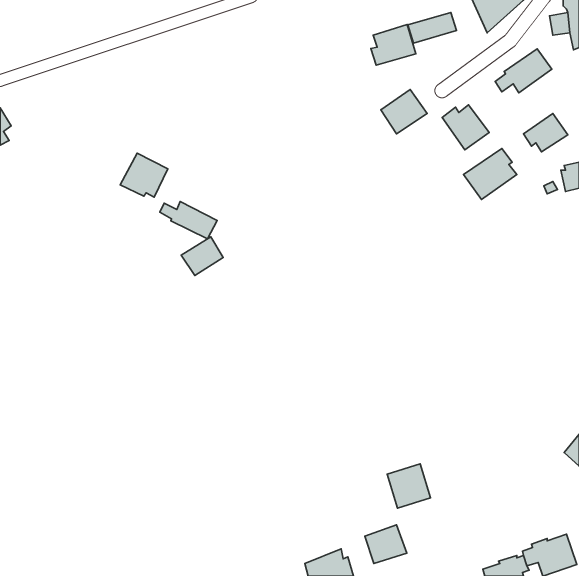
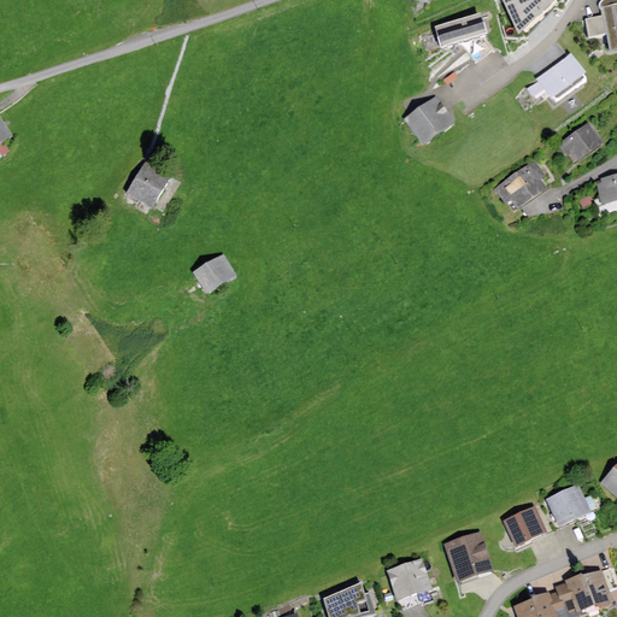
building: [371,24,416,65] -> none
building: [442,105,489,150] -> none
building: [160,201,217,239] -> none
building: none -> [547,483,592,527]
building: [387,464,430,508] -> [447,531,493,578]
building: none -> [505,506,547,545]

